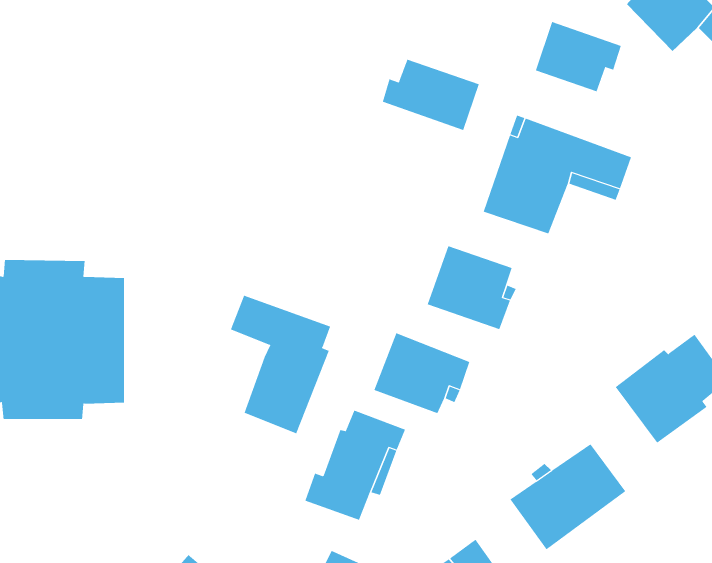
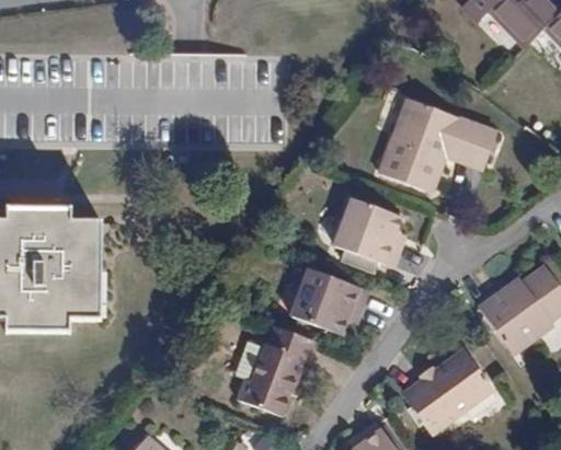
building: [535,21,621,92] -> none
building: [382,59,479,131] -> none
building: [230,295,331,434] -> none

